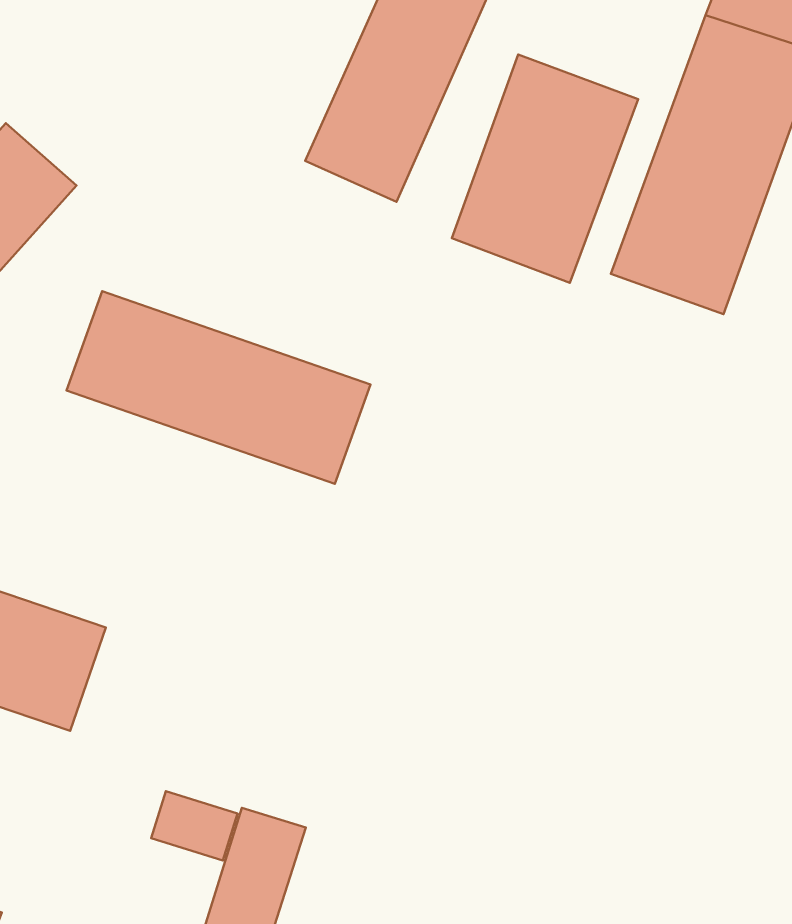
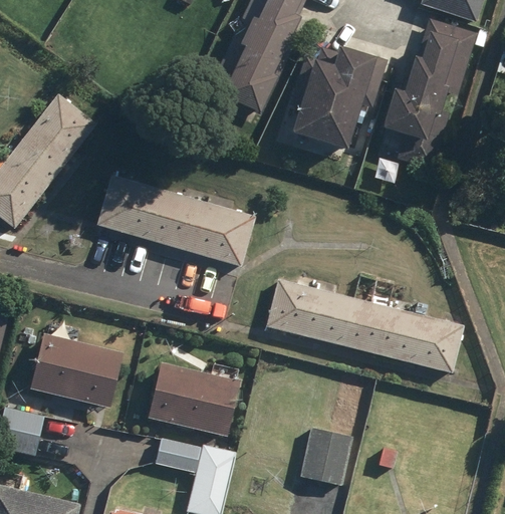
building: none -> [265,275,462,379]
building: none -> [148,360,244,437]
building: none -> [301,430,353,487]

